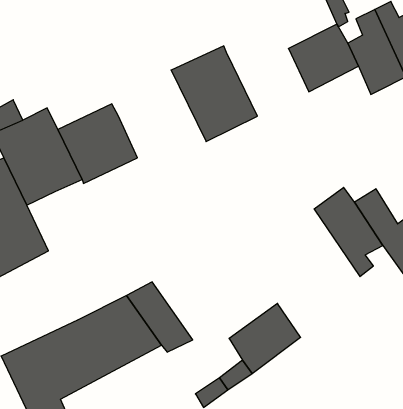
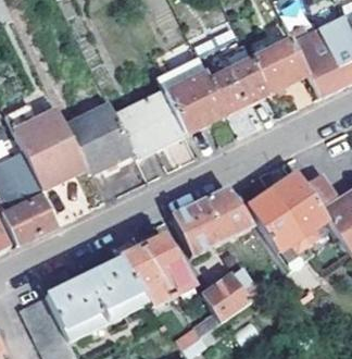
building: none -> [201,59,267,114]
building: none -> [114,90,185,160]
building: none -> [171,188,253,256]
building: none -> [248,189,314,269]
building: none -> [141,236,196,295]

